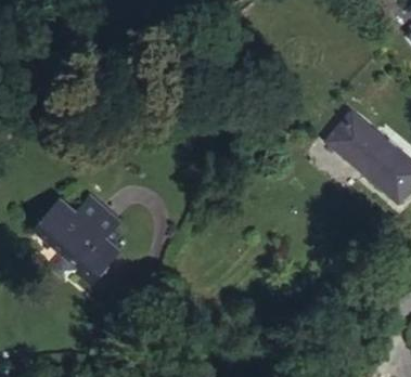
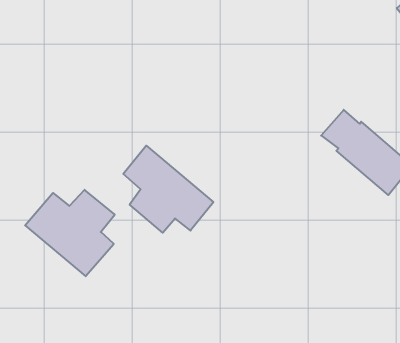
building: none -> [123,146,213,233]

